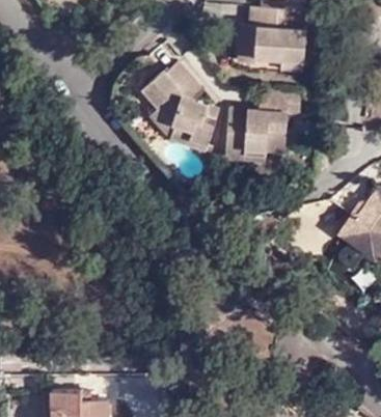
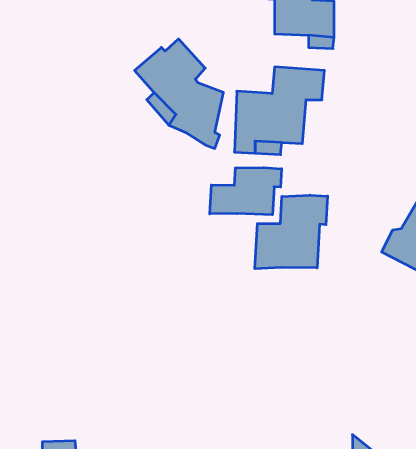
building: none -> [210,168,282,215]
building: none -> [255,195,328,269]

